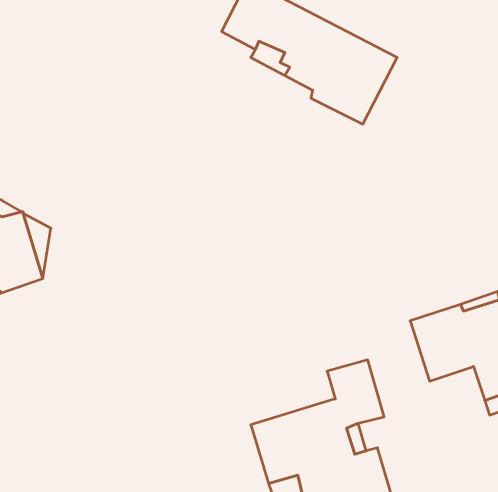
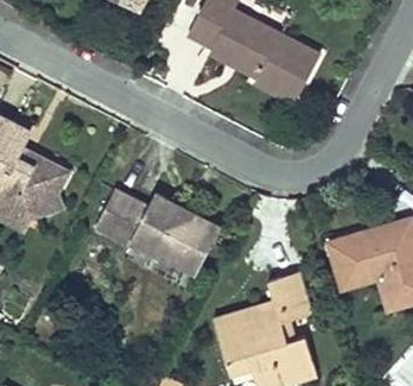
building: none -> [99,191,221,274]

